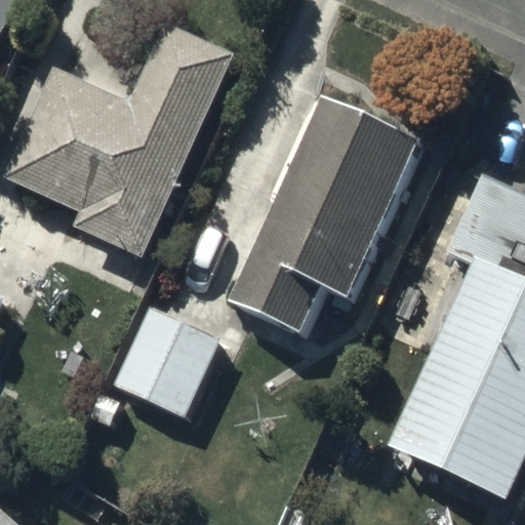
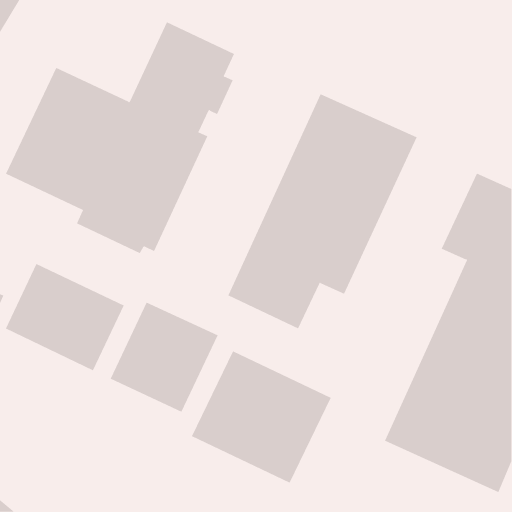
building: none -> [5,263,124,371]
building: none -> [191,351,332,483]

